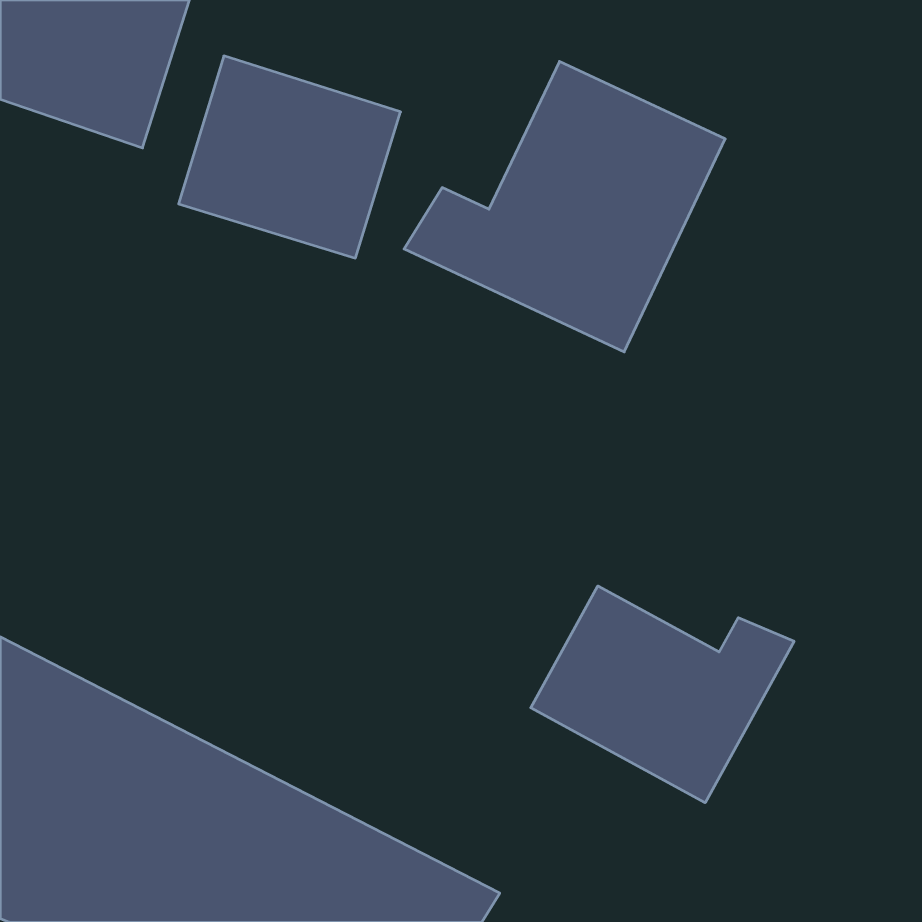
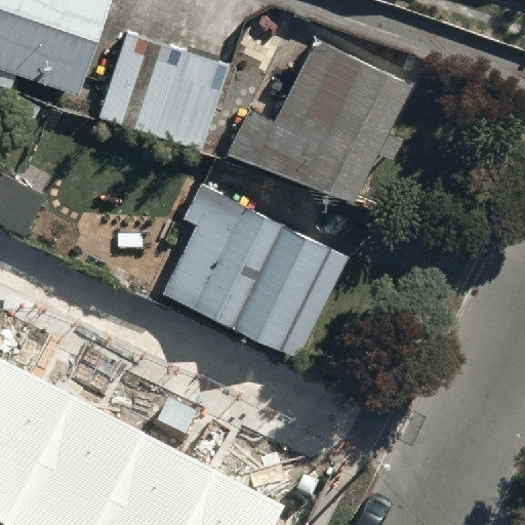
building: none -> [163,191,345,367]
building: [531,586,794,803] -> none

